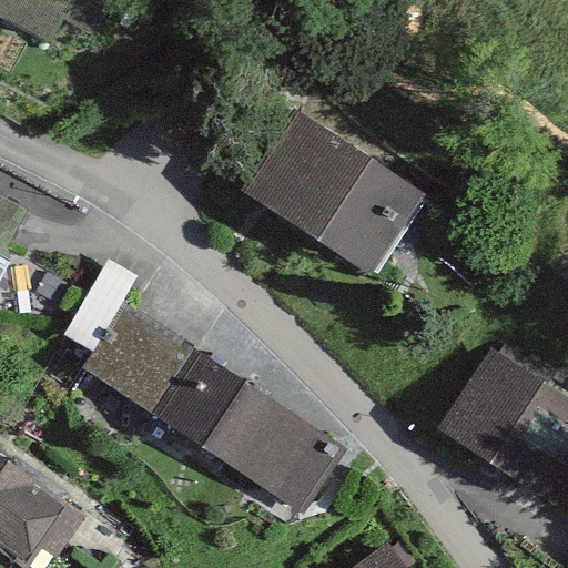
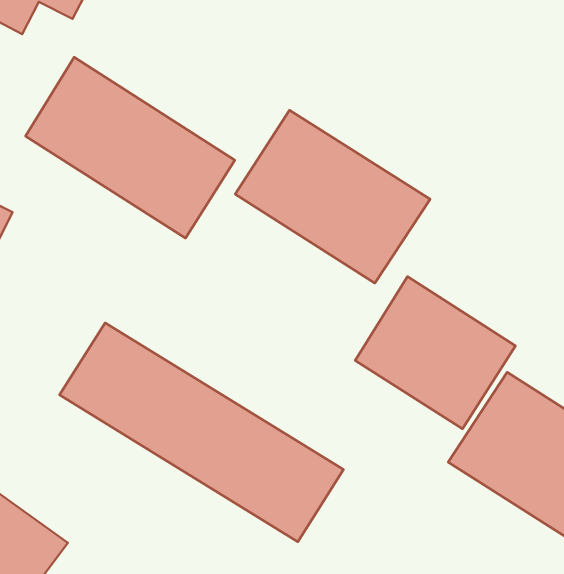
building: none -> [26,57,235,238]
building: none -> [355,276,515,429]

